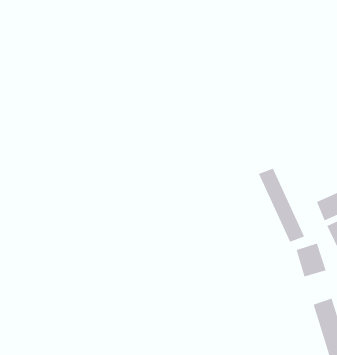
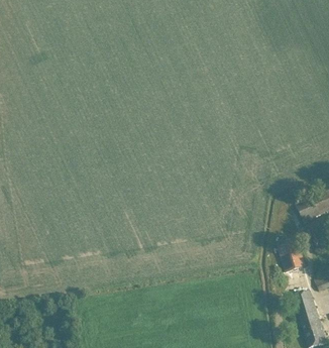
building: [258,168,305,242] -> none

